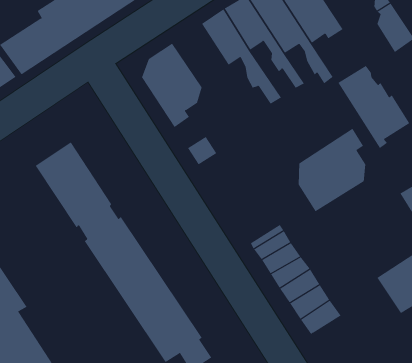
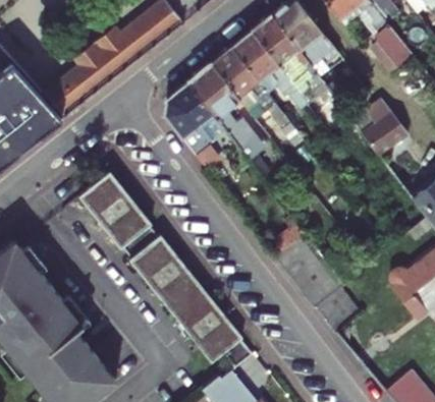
building: none -> [192,59,280,183]
building: [298,128,366,212] -> none

